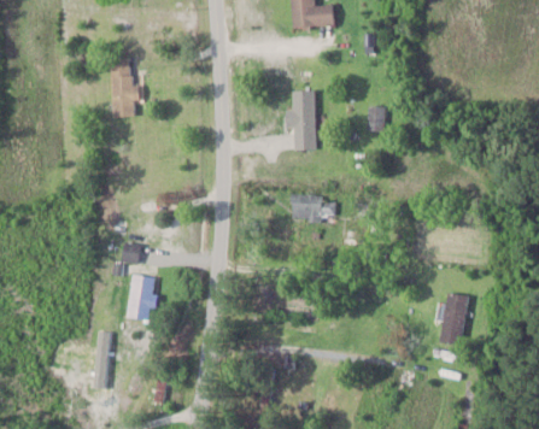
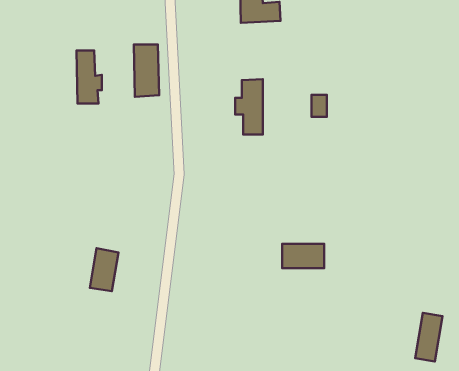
building: none -> [134,44,159,97]
building: [289,195,335,222] -> [282,244,324,268]
building: [438,293,468,346] -> [415,313,443,362]

